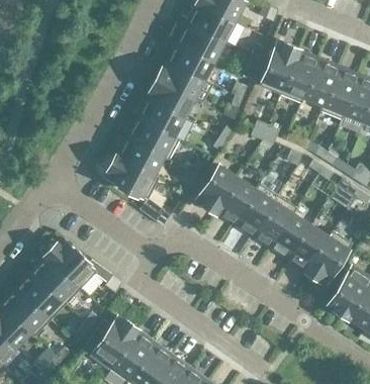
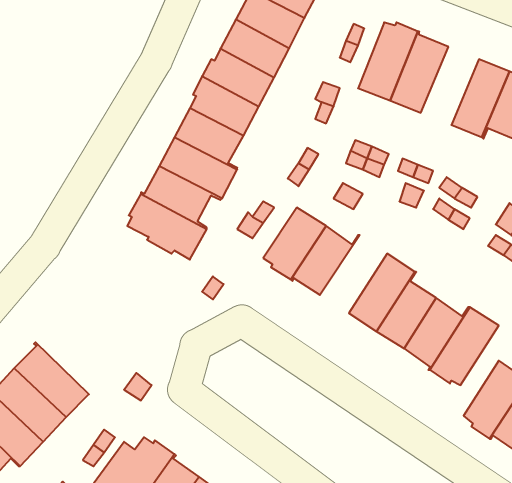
building: [300,60,339,111] -> none
building: [234,184,278,235] -> none
building: [45,239,97,289] -> none

